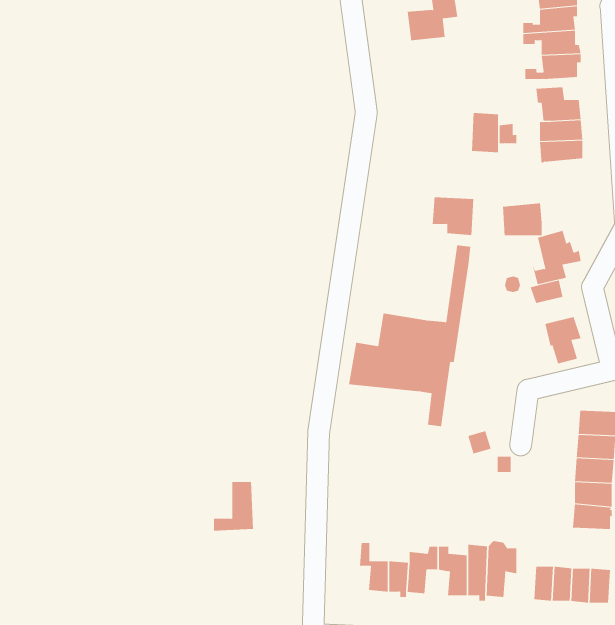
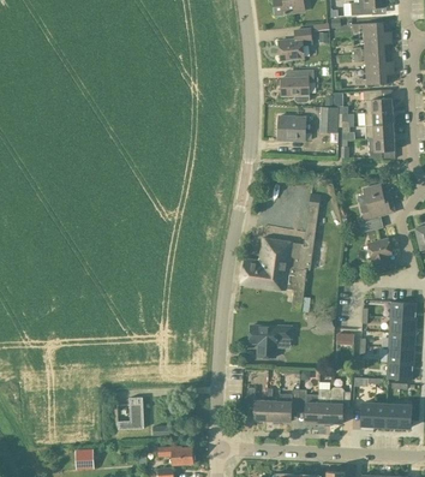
building: none -> [281,70,313,101]
building: [432,197,474,235] -> [279,115,306,141]
building: [502,203,543,236] -> [369,136,395,157]
building: none -> [250,324,292,356]
building: [213,481,254,531] -> [118,396,144,429]

